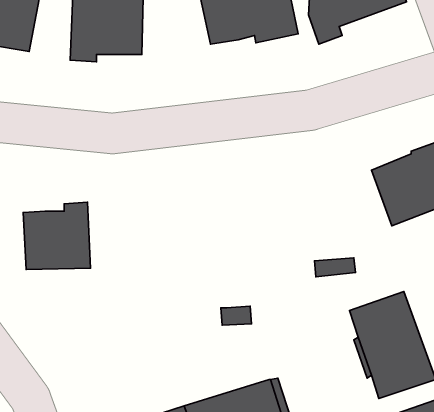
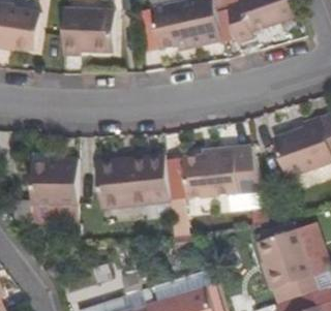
building: none -> [183,144,261,197]
building: none -> [95,154,168,208]

